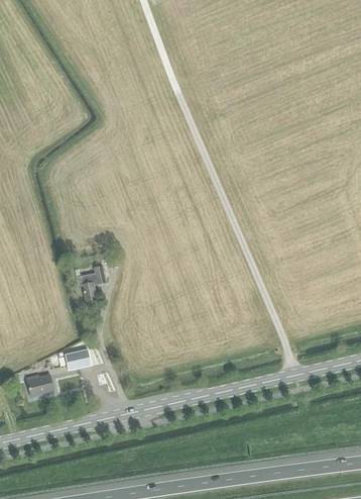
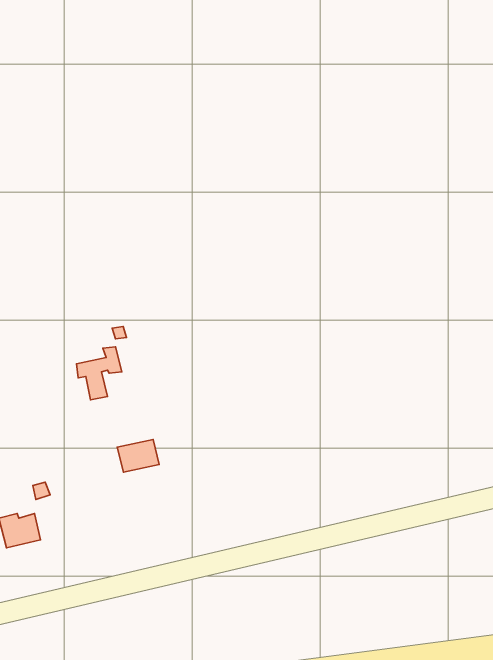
building: [65,348,92,370] -> [117,440,159,472]

